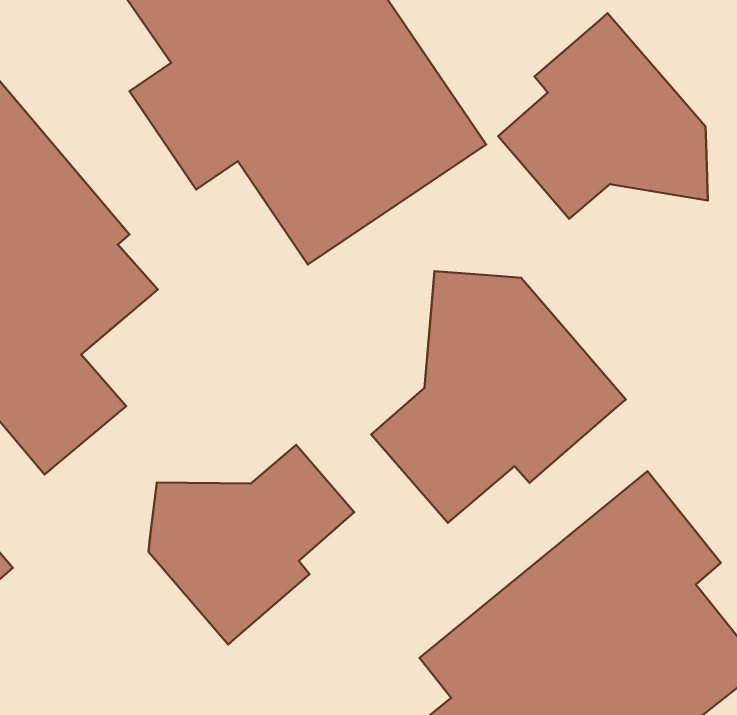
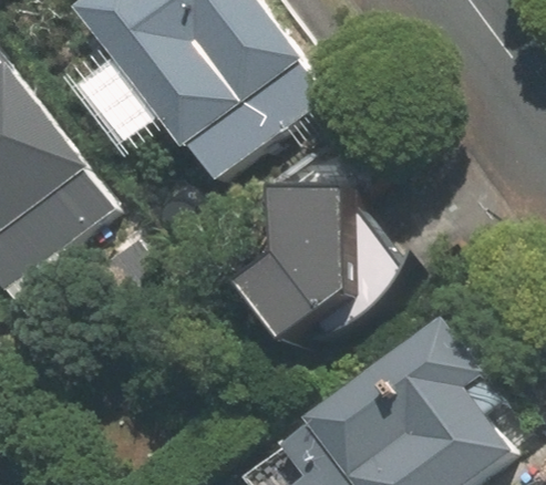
building: [498,13,708,219] -> none
building: [148,445,354,644] -> none

